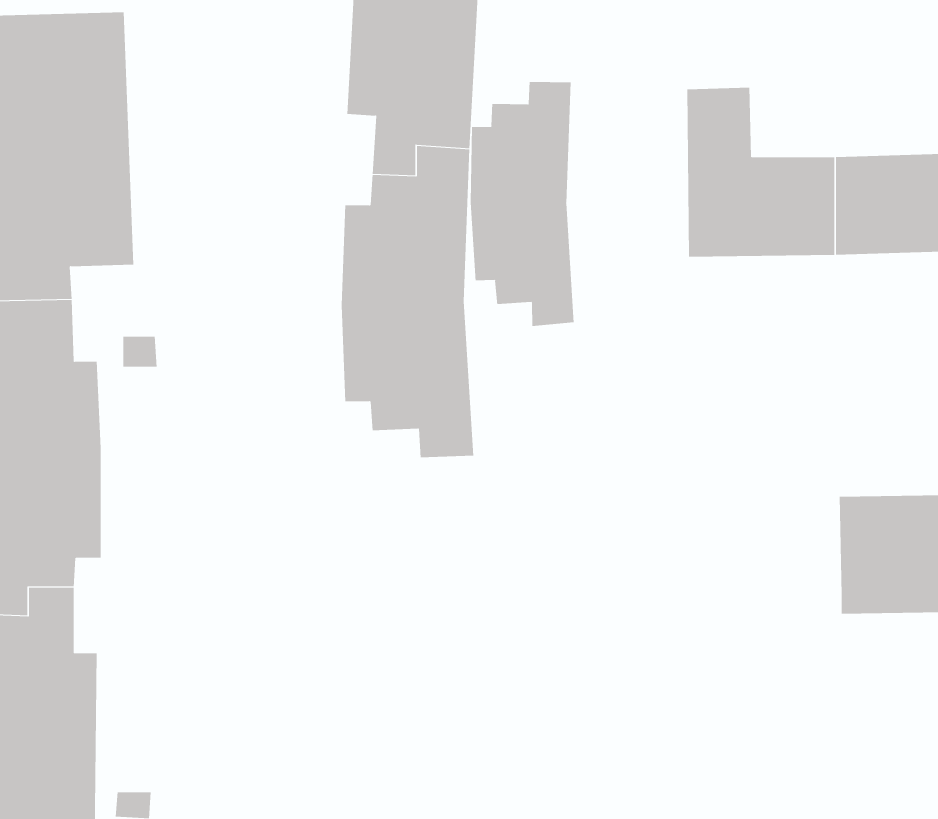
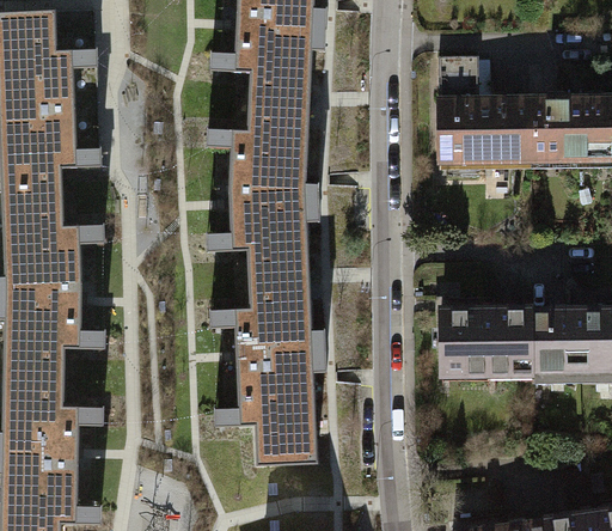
building: [470,81,574,327] -> none
building: none -> [233,268,316,466]
building: none -> [442,310,537,372]

